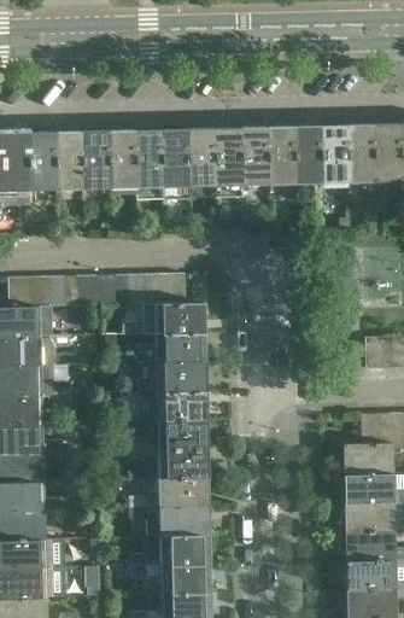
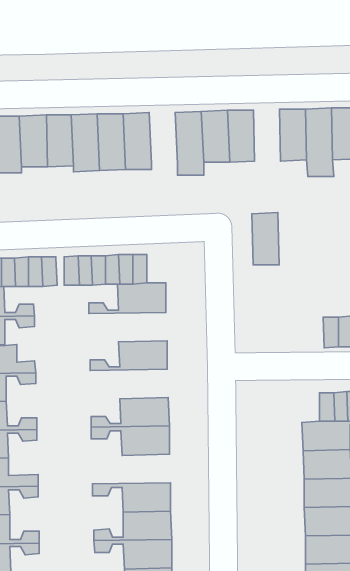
building: [293,126,321,179] -> [252,213,279,265]
building: [187,128,216,181] -> none
building: [125,333,205,363] -> none
building: [127,391,206,421] -> none
building: [129,478,209,508] -> none

